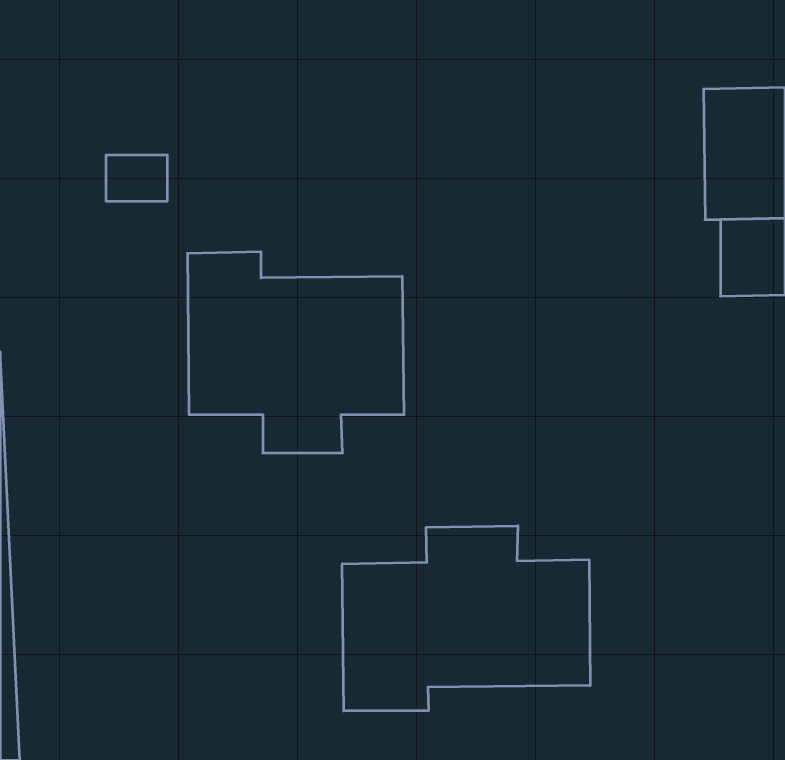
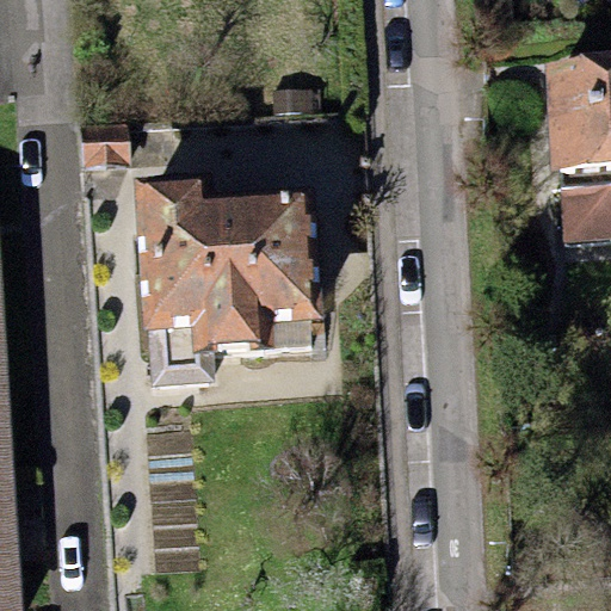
building: [342,526,590,711] -> none

